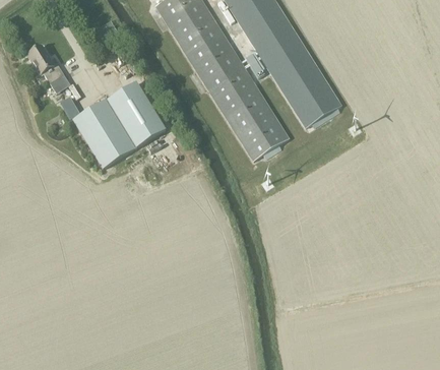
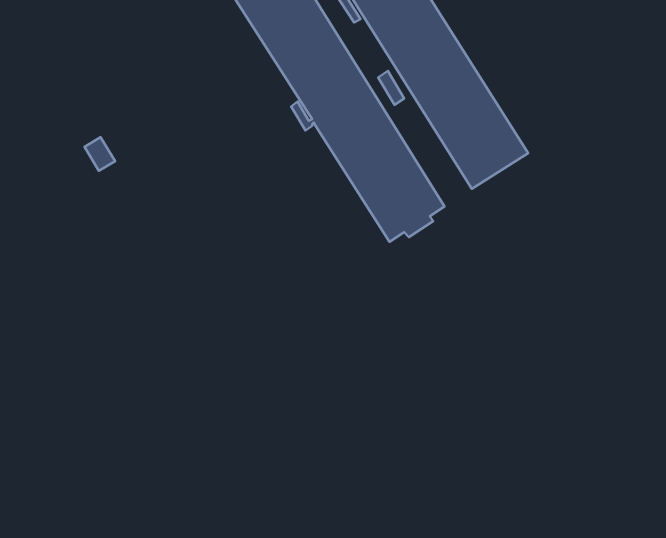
building: [26,44,70,91] -> none
building: [73,81,165,168] -> none

